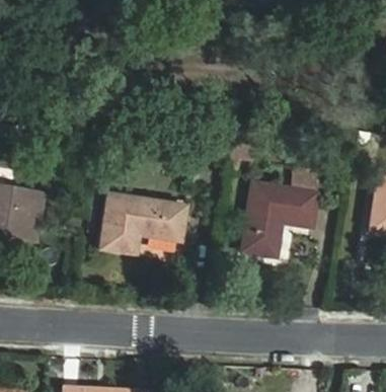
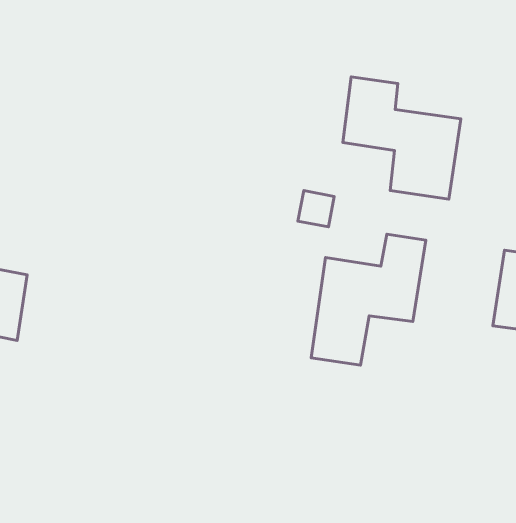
building: none -> [343,77,461,199]
building: [100,193,185,252] -> none

